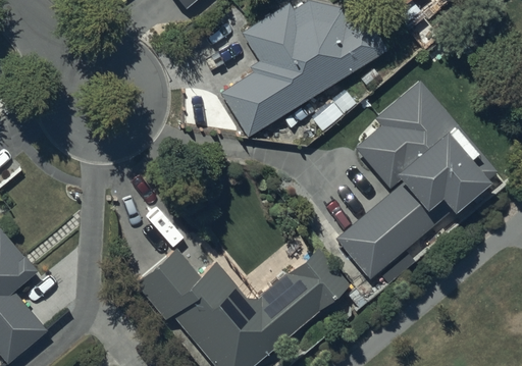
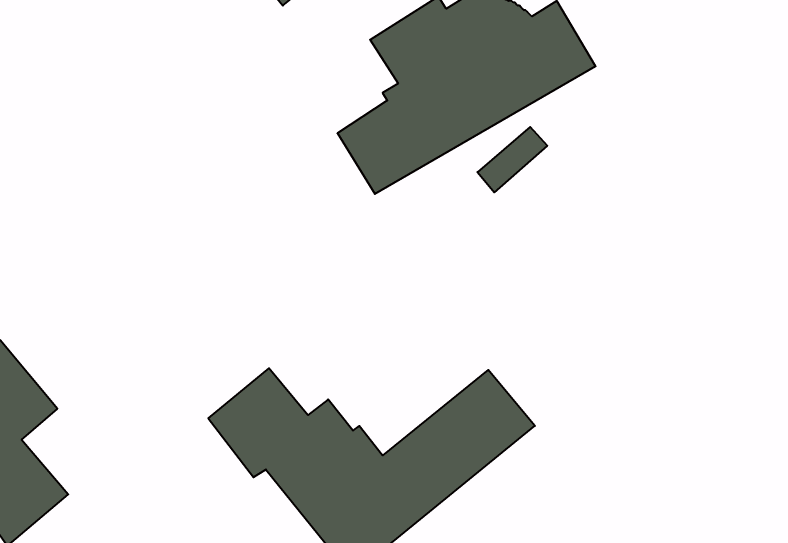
building: [338,81,497,280] -> none

